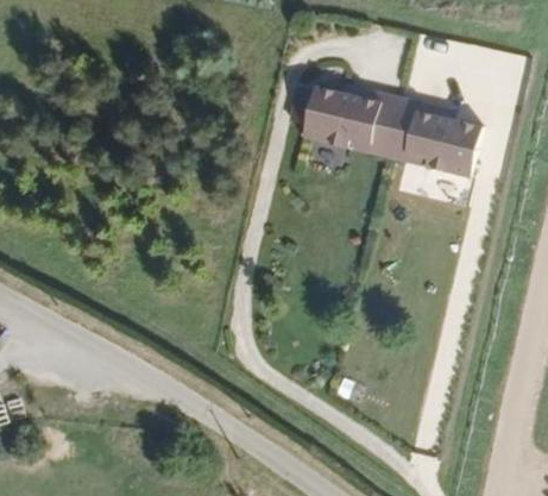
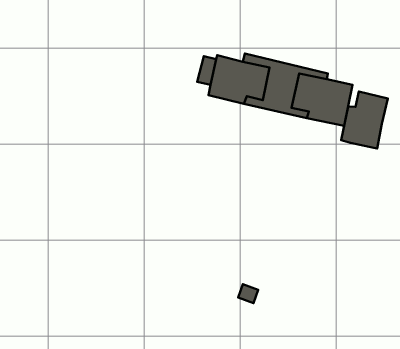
building: none -> [341,91,388,149]

